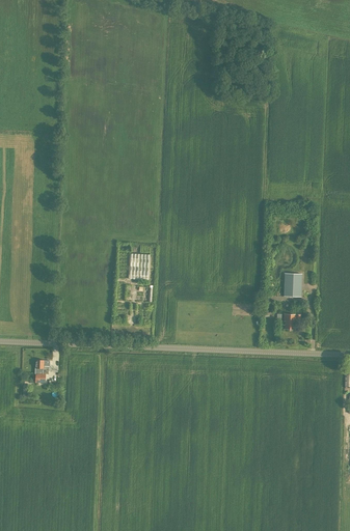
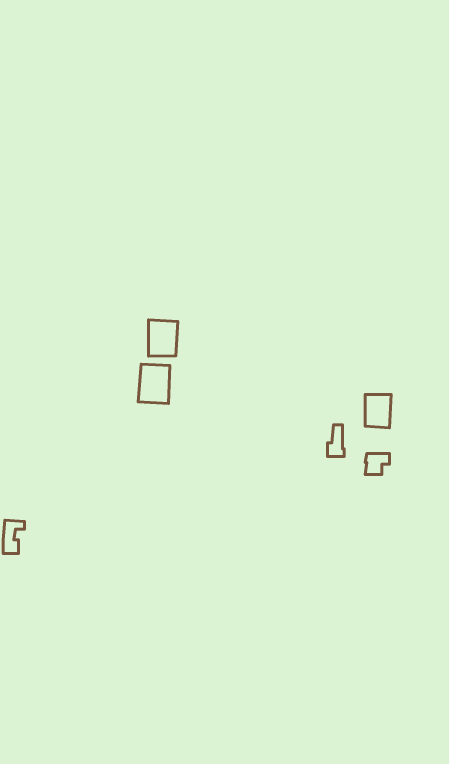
building: none -> [149,320,178,356]

